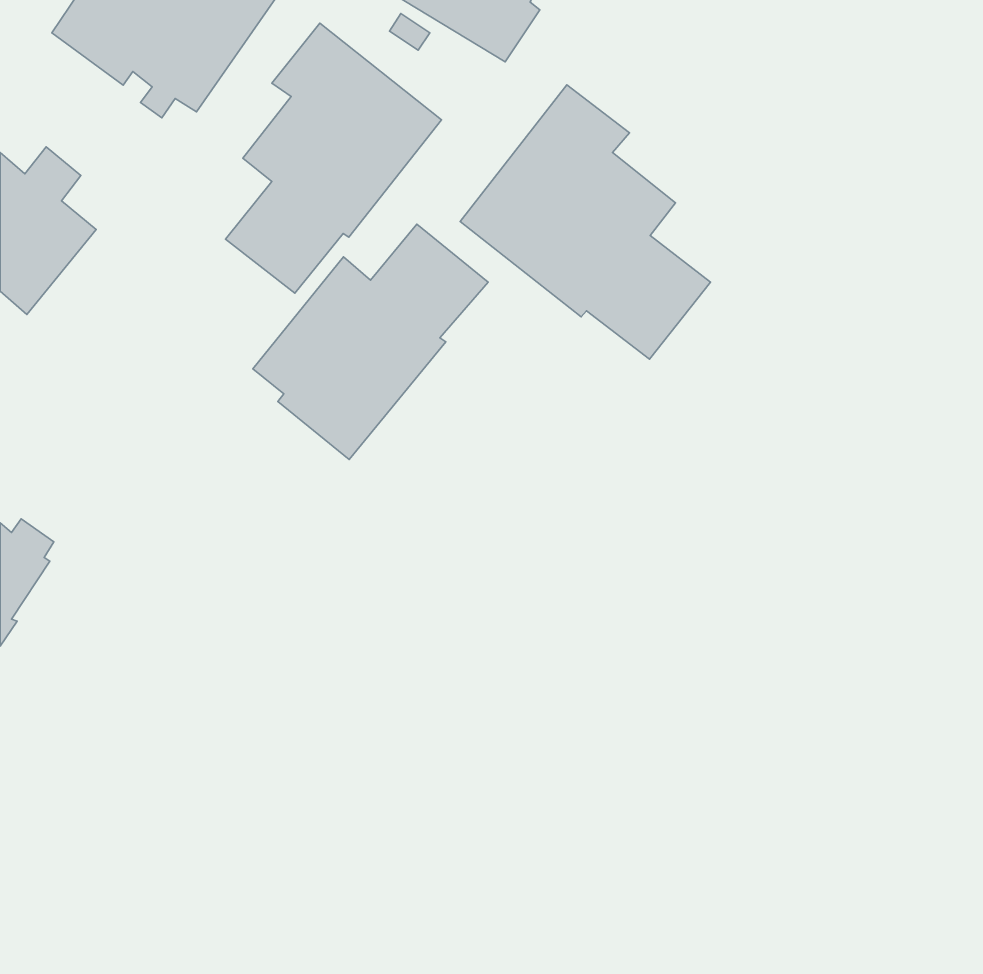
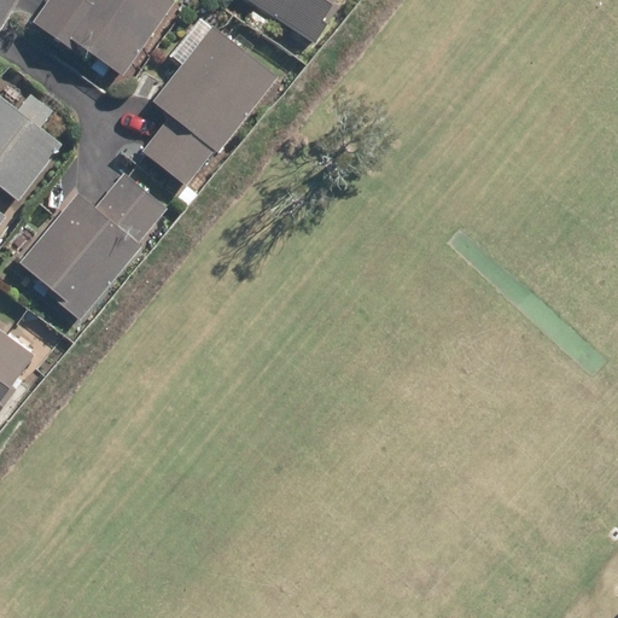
building: [460,85,711,359] -> none
building: [253,224,488,459] -> [19,173,167,320]

